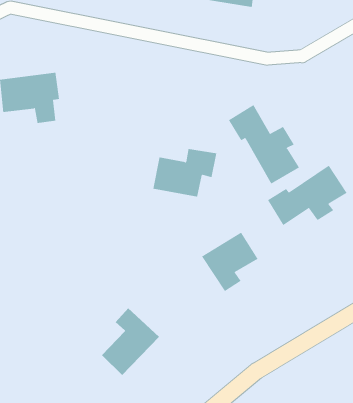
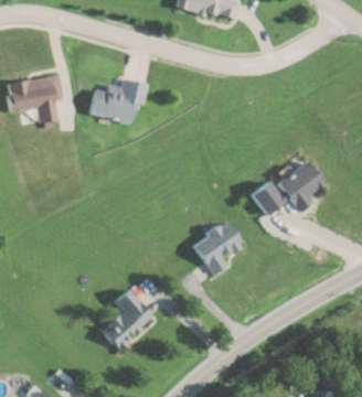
building: [228,104,300,184] -> none
building: [153,148,217,197] -> [90,78,149,122]

